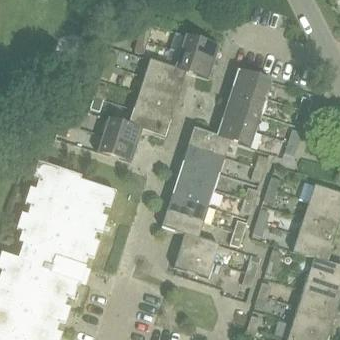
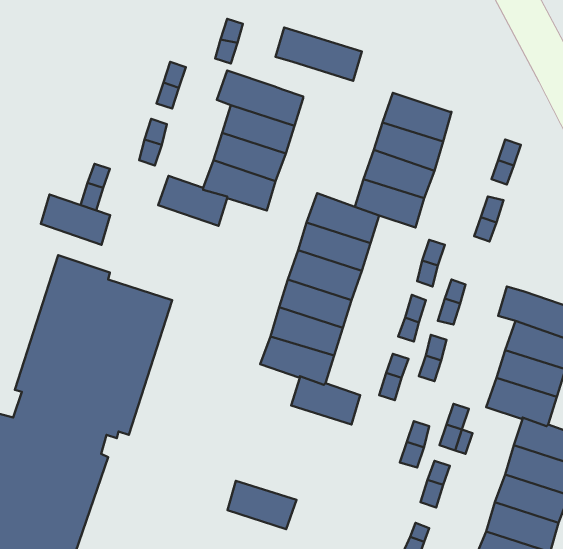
building: [174,50,215,78] -> none
building: [97,133,137,162] -> [41,195,110,245]
building: [174,249,214,277] -> [227,481,296,529]

